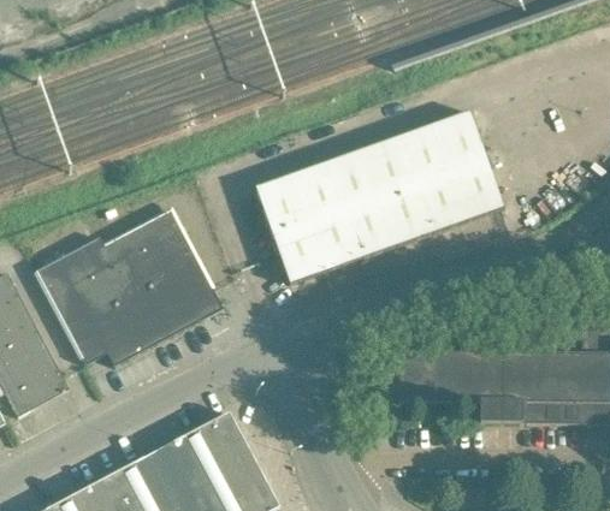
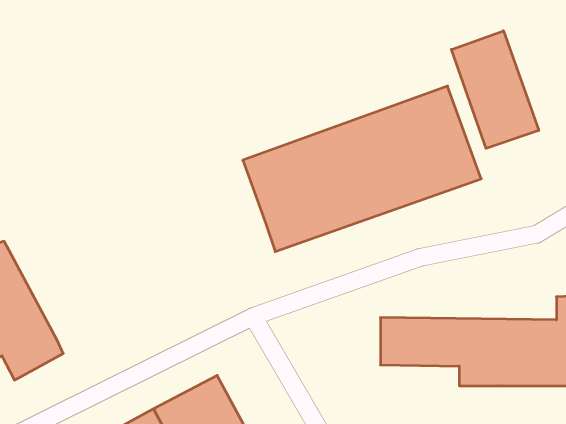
building: none -> [451,31,539,148]
building: [35,209,221,364] -> none

